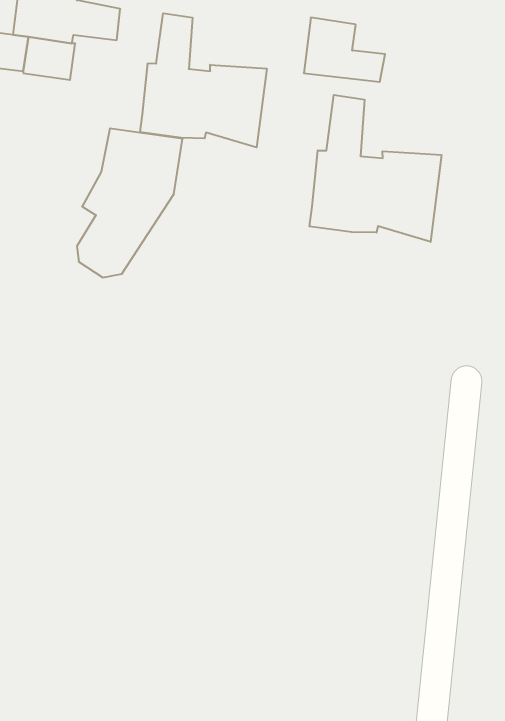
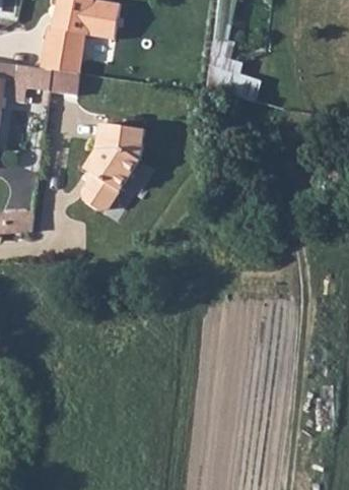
building: [140,13,267,147] -> none
building: [309,95,441,242] -> none

